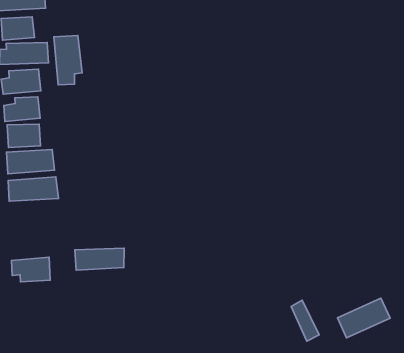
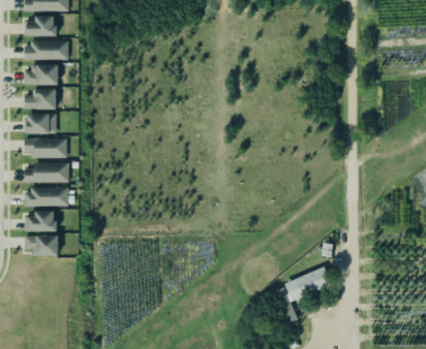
building: [54,35,82,85] -> none
building: none -> [27,213,56,232]
building: [75,248,124,270] -> [25,188,69,207]
building: [337,298,390,338] -> [284,267,332,302]

